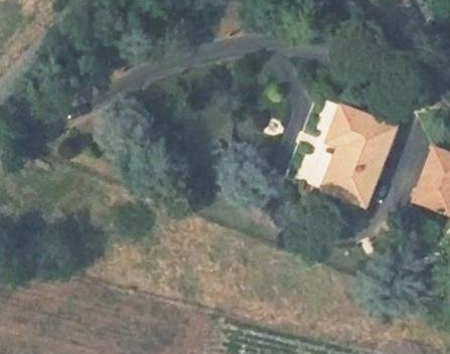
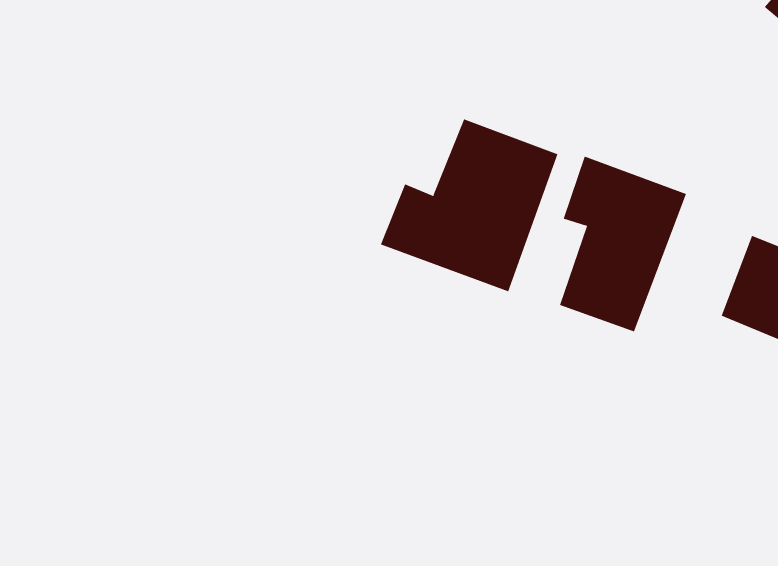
building: none -> [380,118,558,292]

